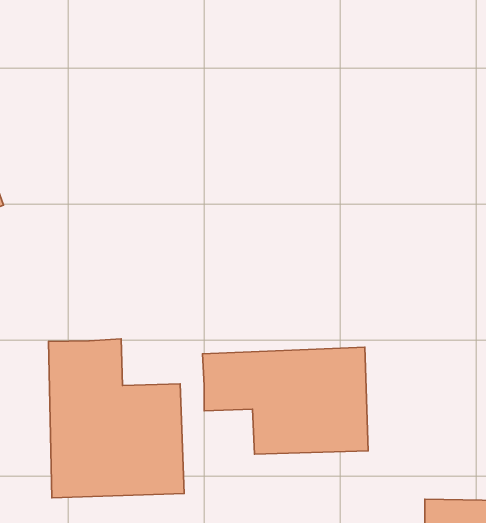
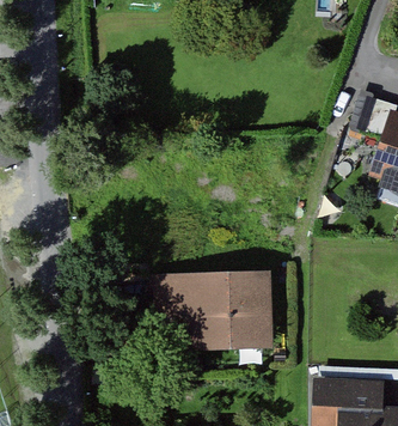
building: [49,339,184,498] -> none

